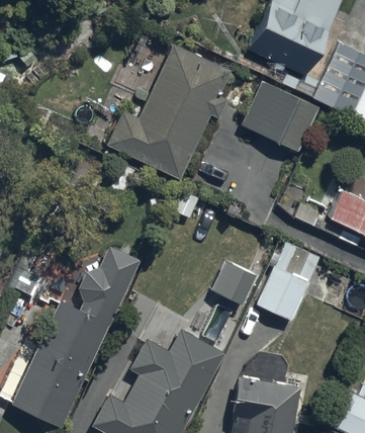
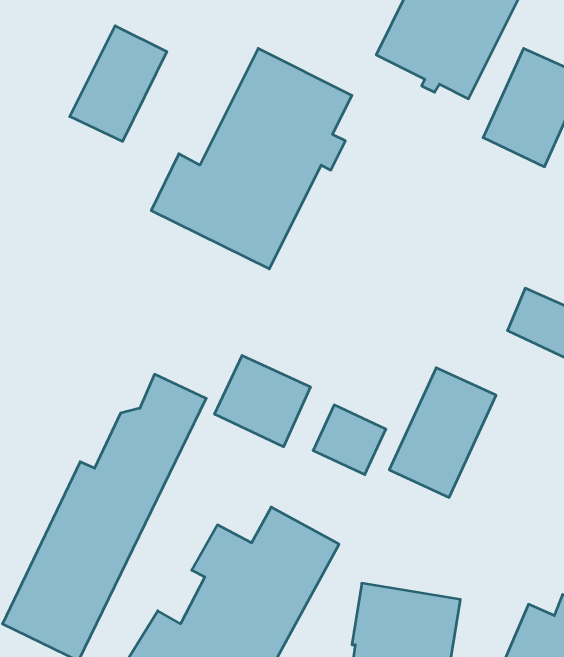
building: none -> [70,26,167,141]
building: [243,84,315,152] -> none
building: none -> [215,355,310,447]

